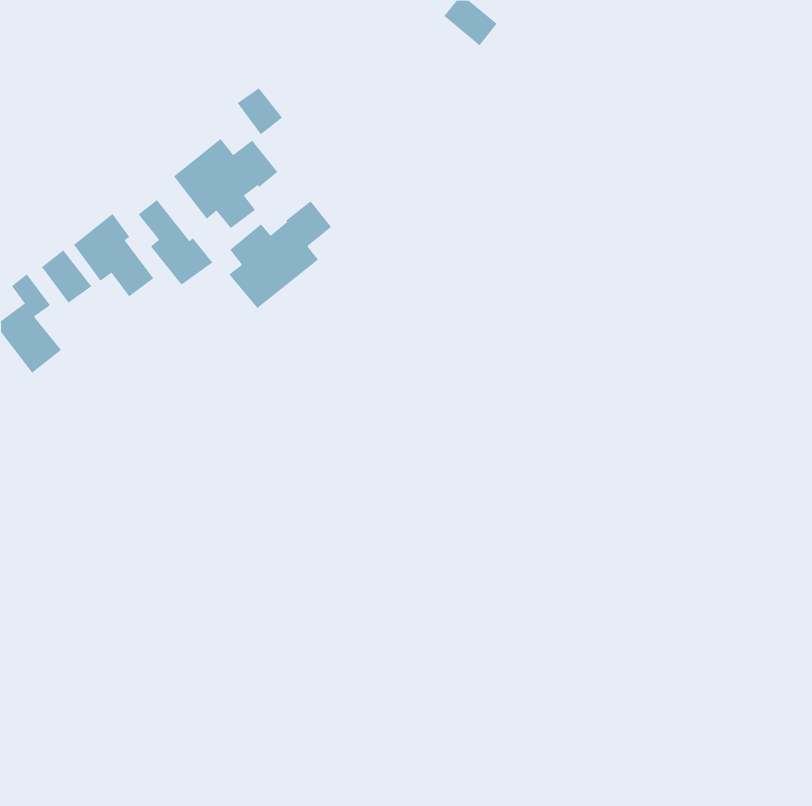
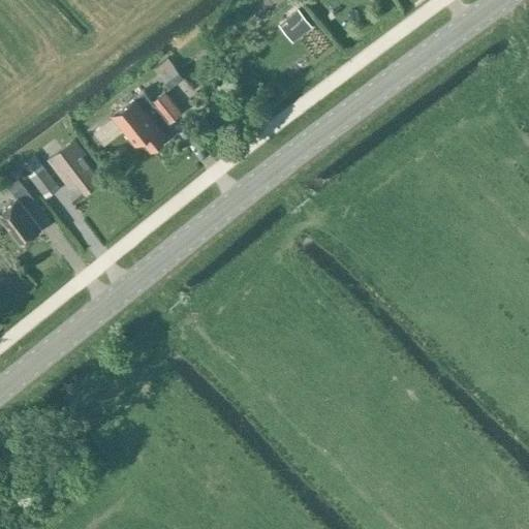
building: [138,199,213,285] -> none
building: [228,201,332,309] -> none

